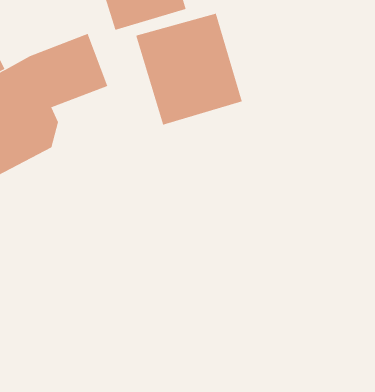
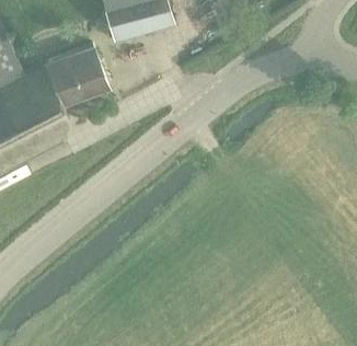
building: [136,13,243,125] -> none

